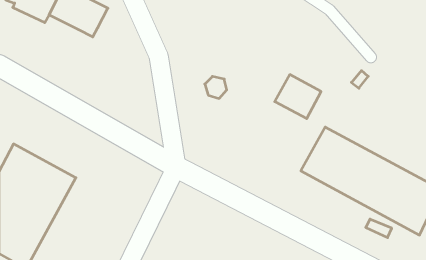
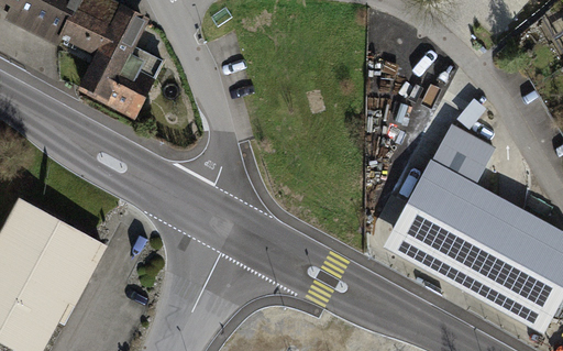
building: none -> [86,44,163,107]
building: [275,75,321,119] -> [433,124,494,182]

